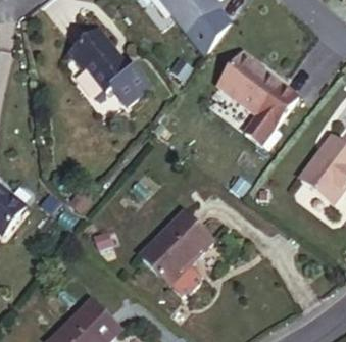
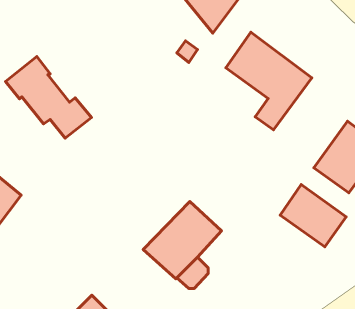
building: [68,29,149,105] -> [5,57,91,138]
building: none -> [280,184,346,247]

